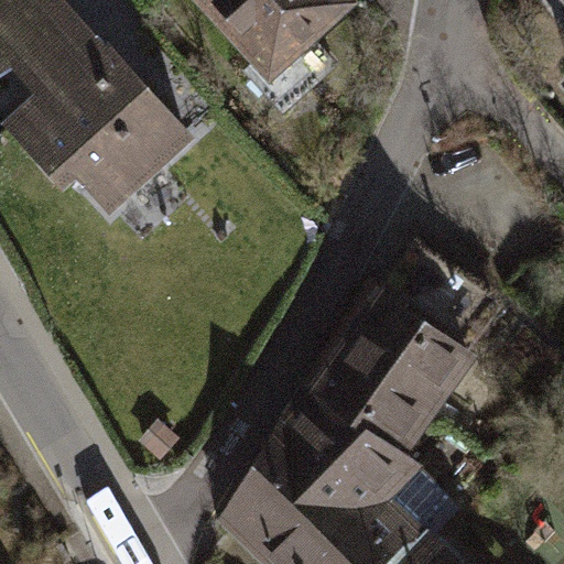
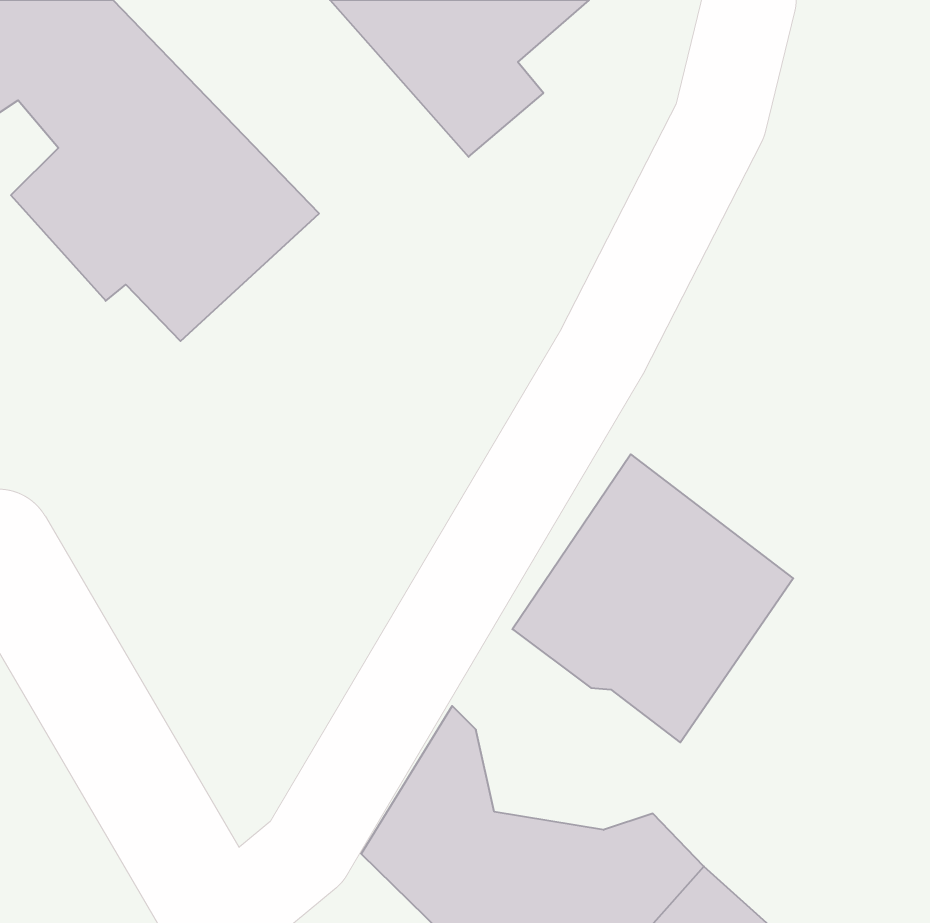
building: [273,381,424,507] -> none

